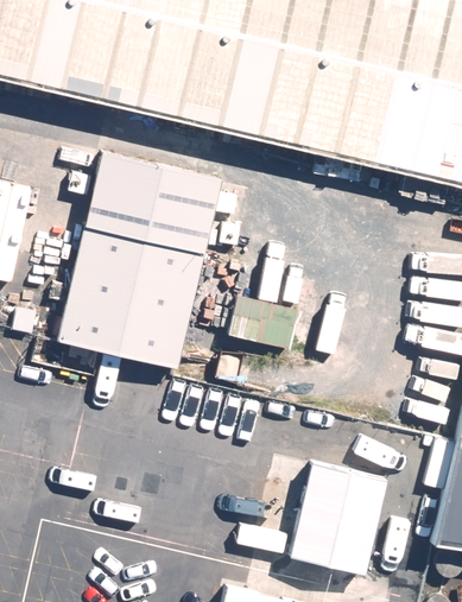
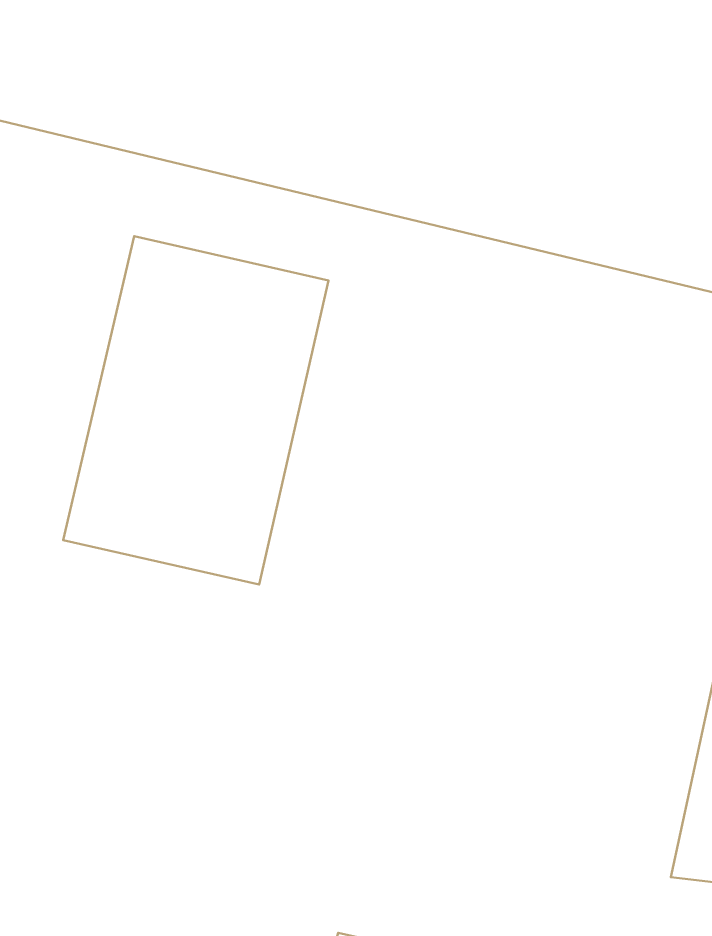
building: [289,458,385,571] -> none

